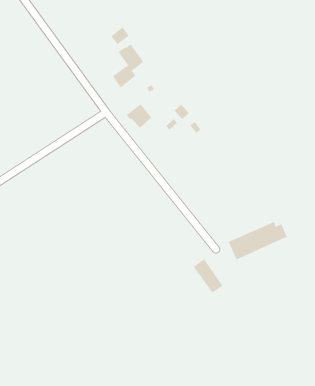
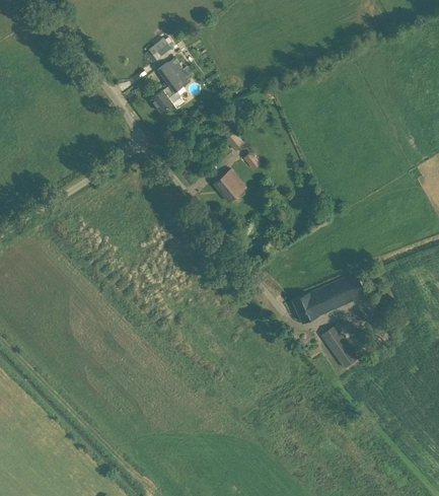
building: [126,104,152,128] -> [214,169,246,200]
building: [193,258,224,293] -> [319,326,357,368]

